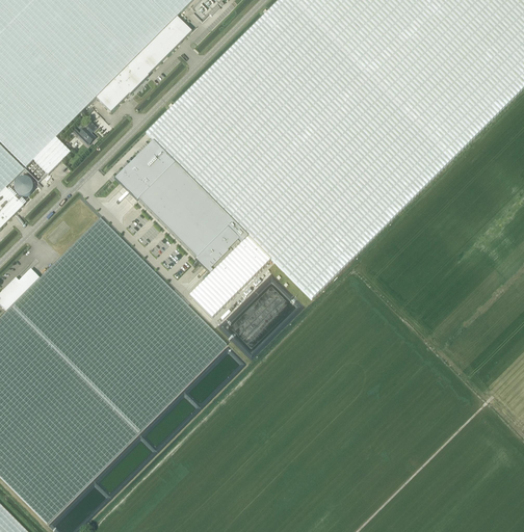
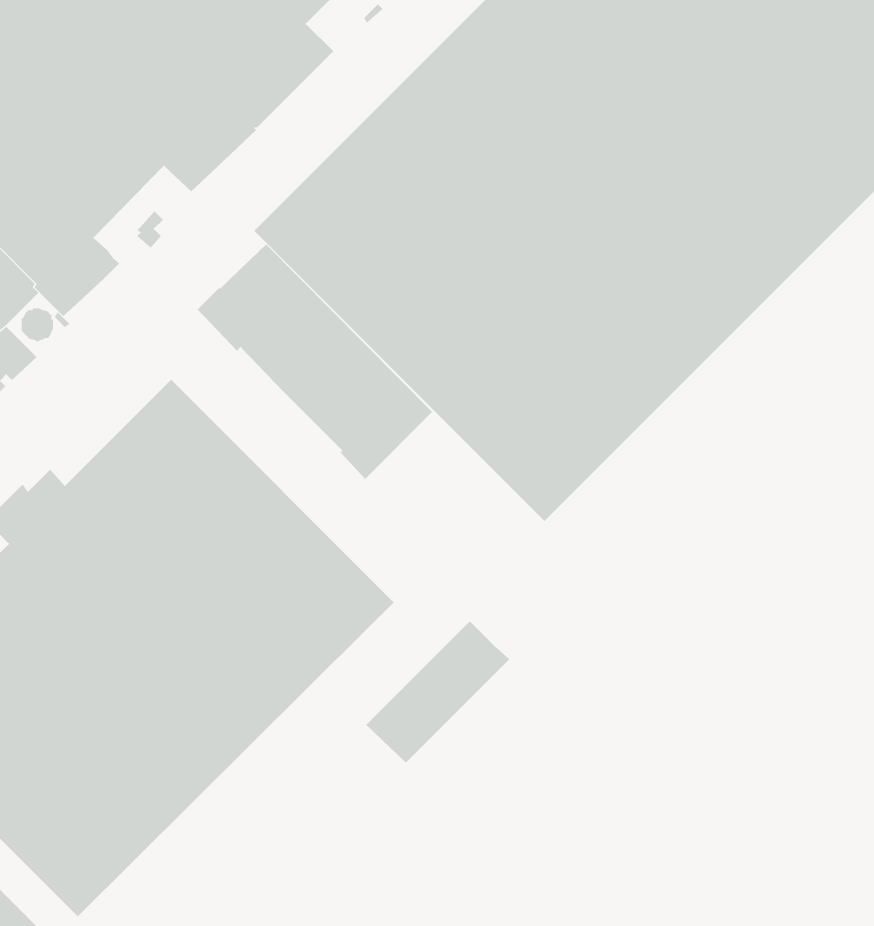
building: [188,235,270,316] -> [365,621,510,763]

